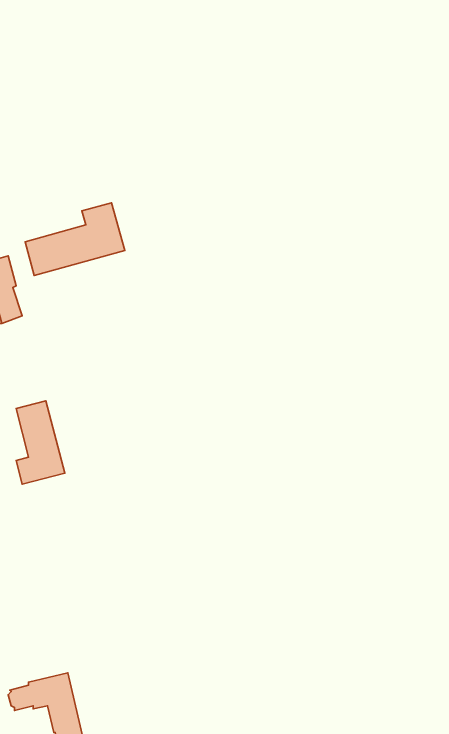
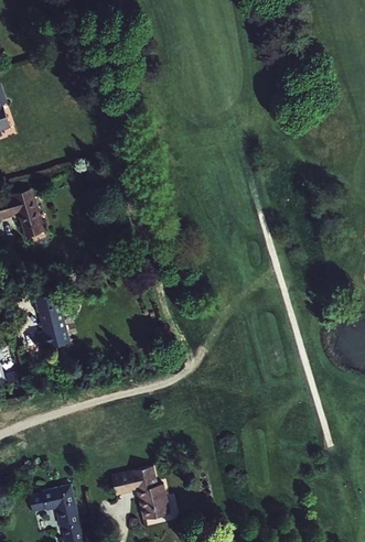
building: [25,203,125,275] -> none
building: none -> [114,466,171,519]

